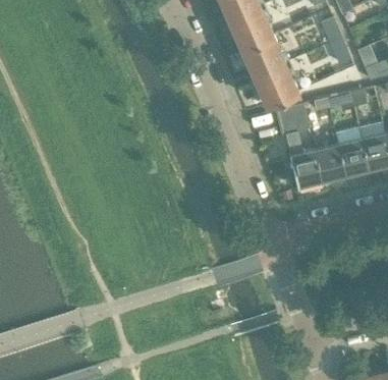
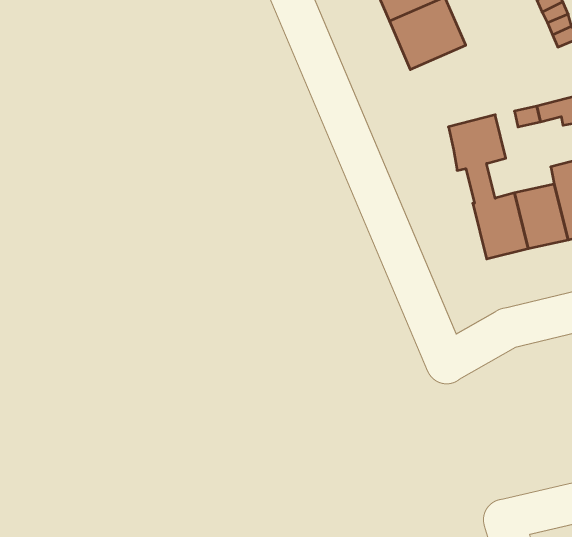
building: [253,63,298,106] -> none

